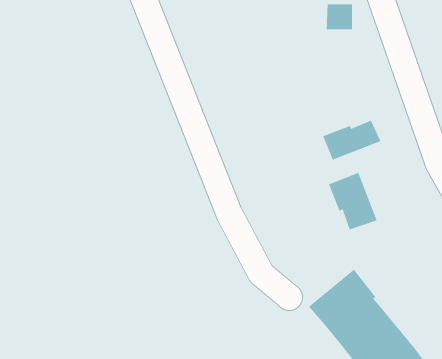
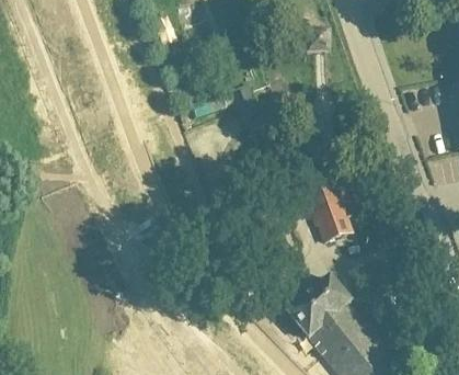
building: [323,120,381,161] -> none

